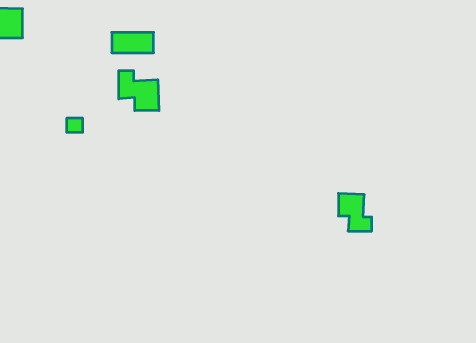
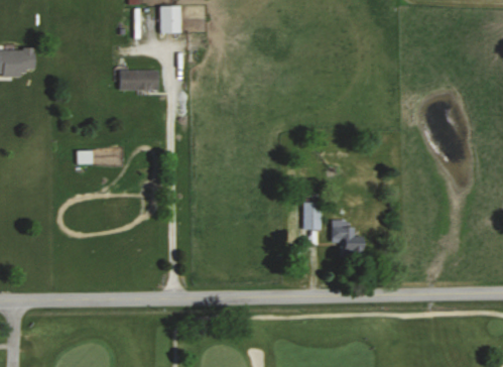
building: [119,71,159,111] -> none
building: none -> [302,202,321,229]

